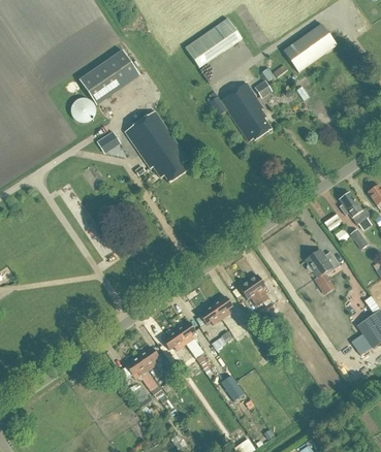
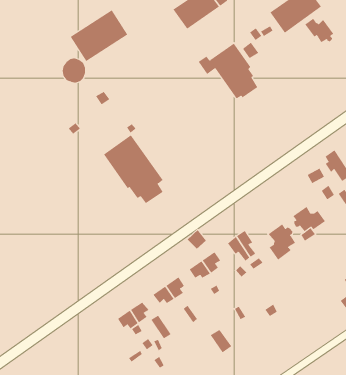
building: none -> [305,18,334,43]
building: [126,111,188,183] -> [103,134,163,204]
building: none -> [268,223,296,260]

